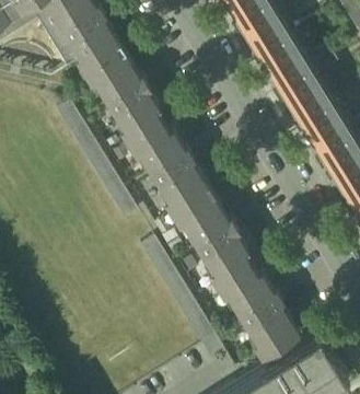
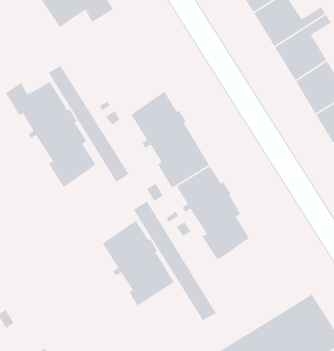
building: [77,48,167,154] -> [5,81,96,188]
building: [227,273,299,358] -> [102,220,175,306]

